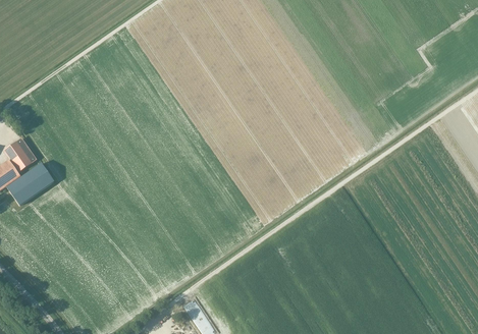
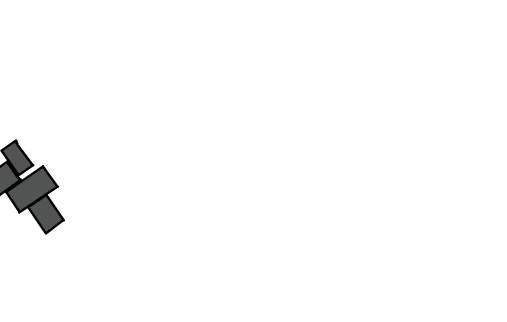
building: none -> [28,195,64,233]

